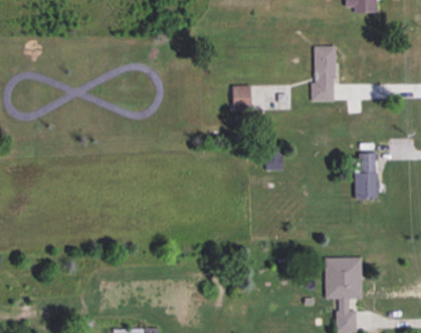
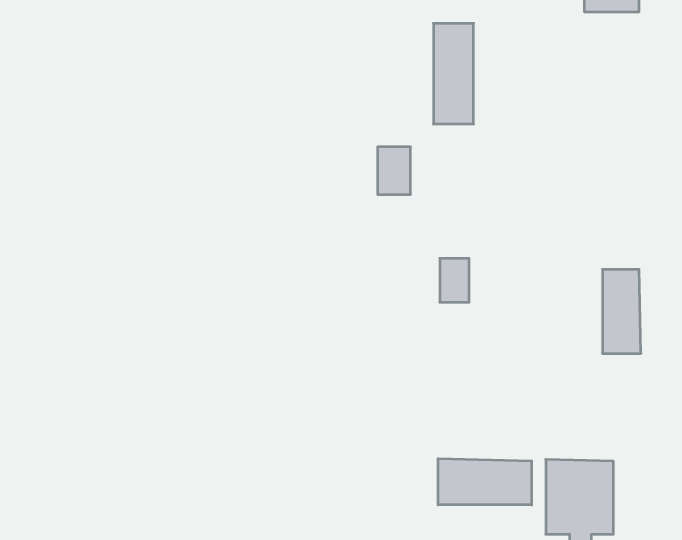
building: [312,47,335,102] -> [433,23,474,124]
building: none -> [438,459,532,505]

